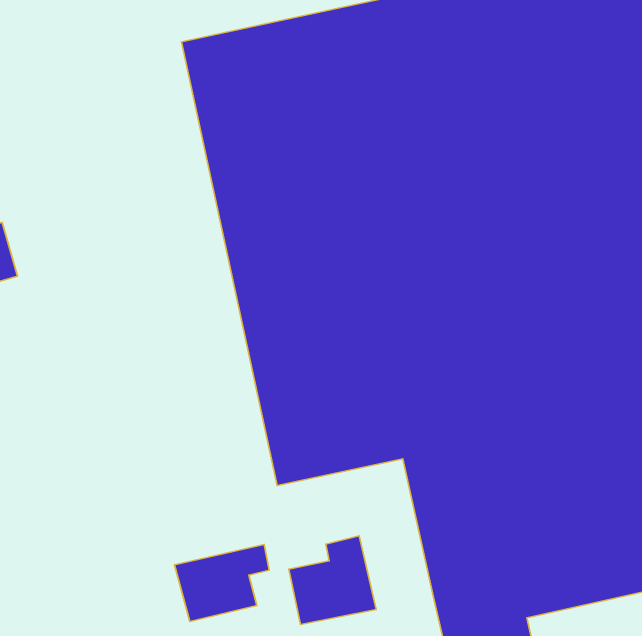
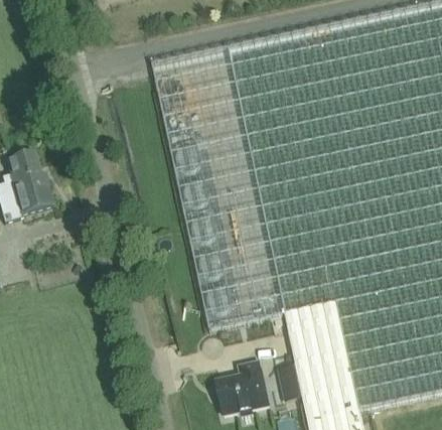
building: [174,544,269,621] -> none

